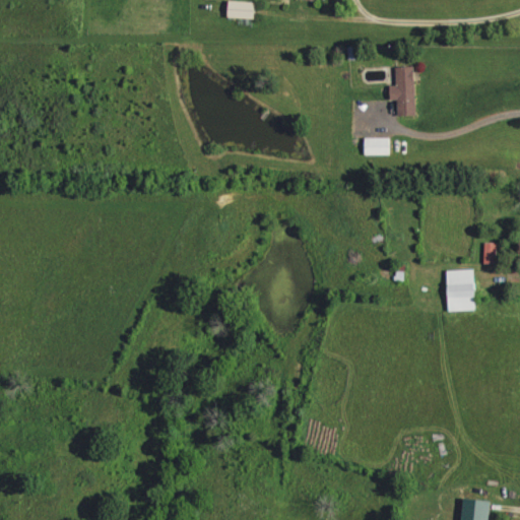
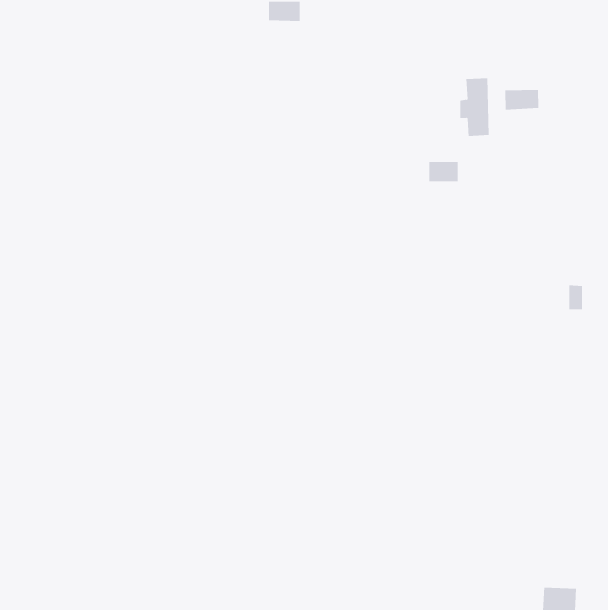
building: none -> [505,89,539,111]
building: [446,270,476,312] -> none

